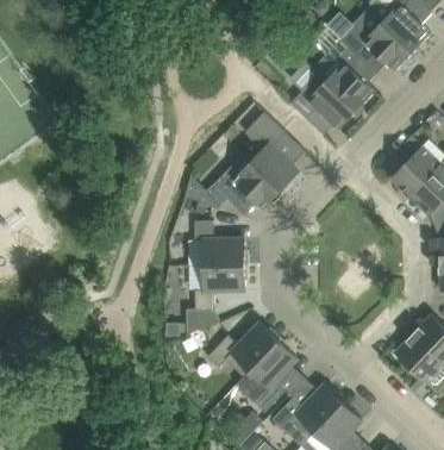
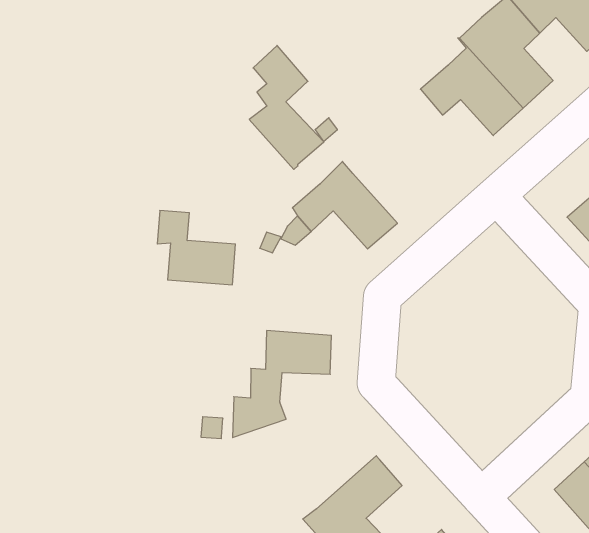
building: [250,111,299,189] -> [249,45,324,169]
building: [194,220,244,264] -> [157,211,235,285]
building: [206,321,279,376] -> none

